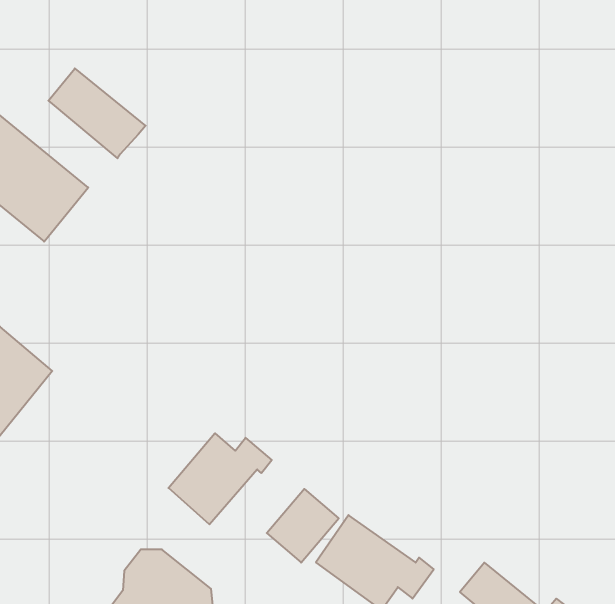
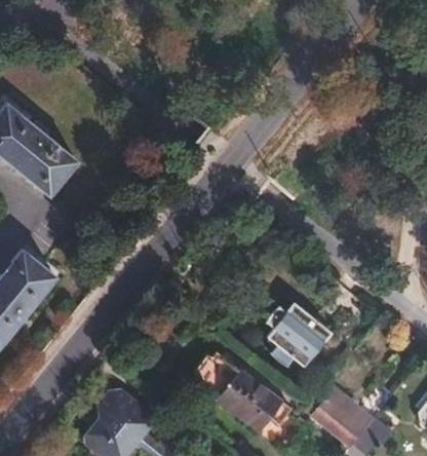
building: [48,68,146,158] -> none
building: none -> [267,305,329,367]
building: [168,433,272,524] -> none

